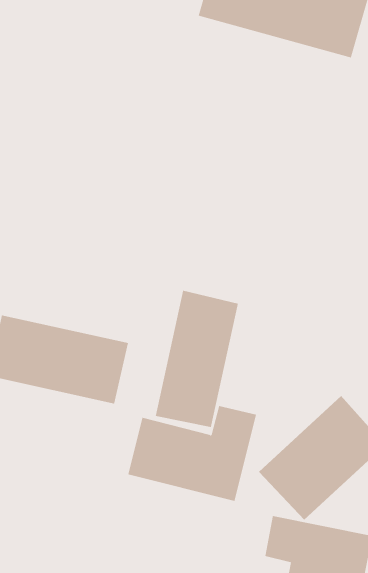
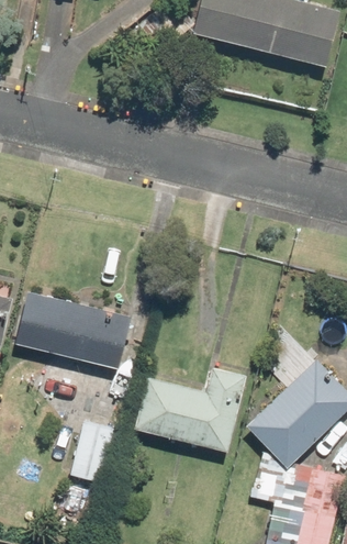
building: [155,290,239,428] -> none
building: none -> [68,421,114,487]

